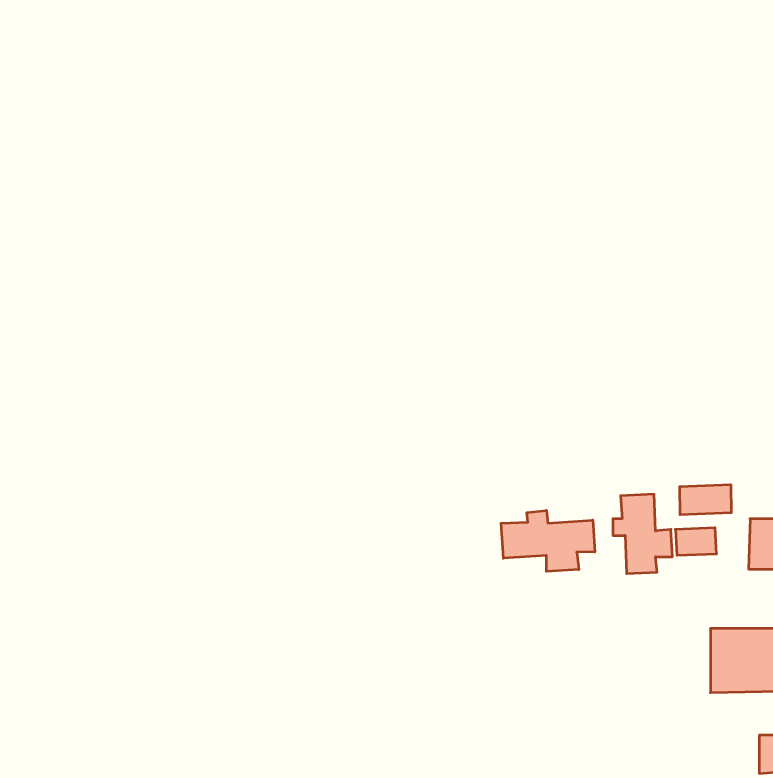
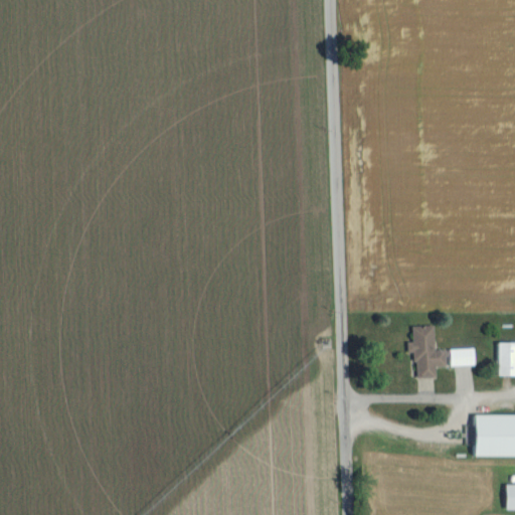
building: [680,485,731,515] -> none
building: [501,510,595,571] -> none

